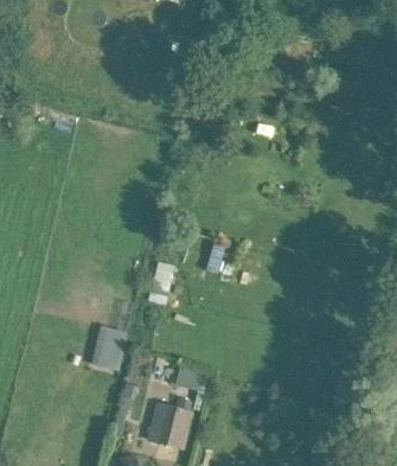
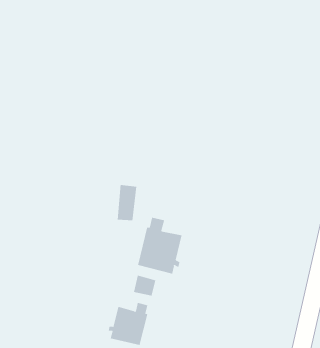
building: none -> [138,217,182,275]
building: [100,330,127,371] -> none

